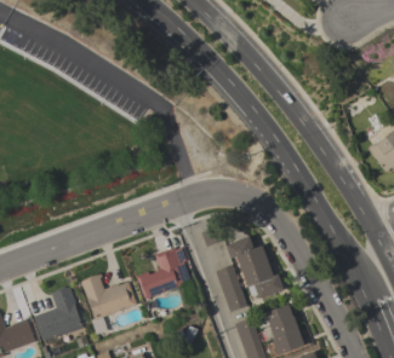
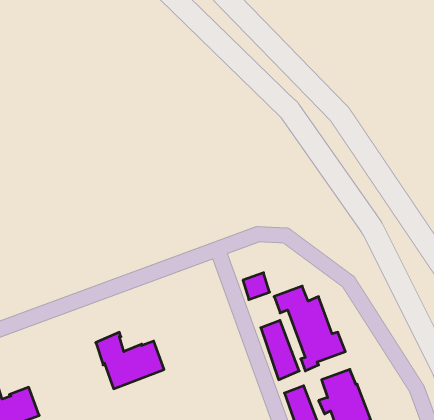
building: [136,247,192,299] -> none
building: [34,287,84,340] -> none

